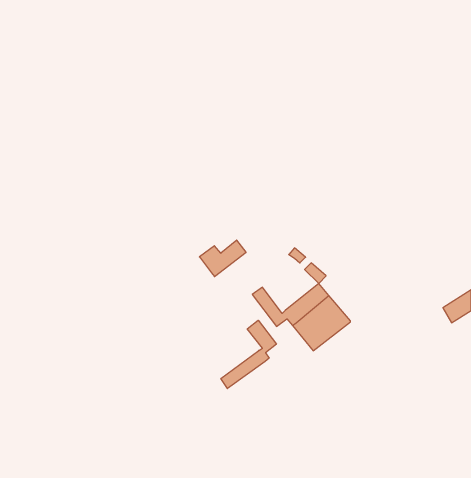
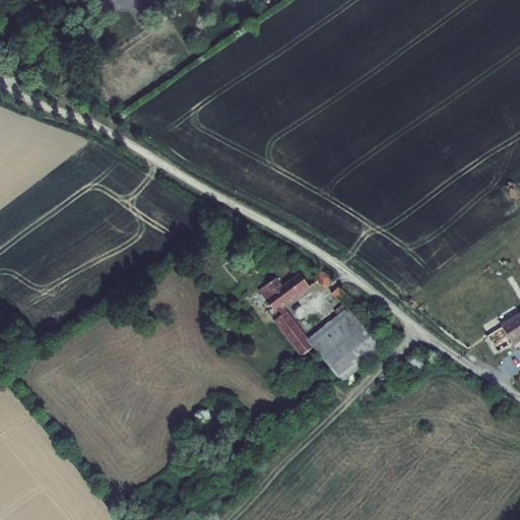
building: [199,240,246,277] -> [259,272,310,312]
building: [221,320,276,389] -> none

